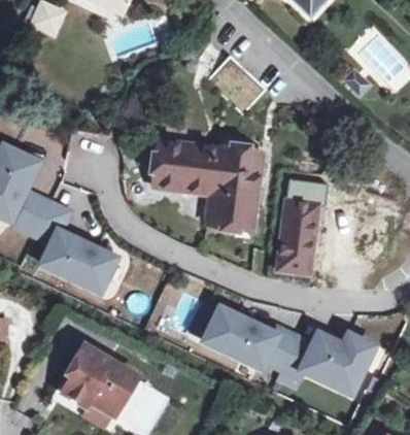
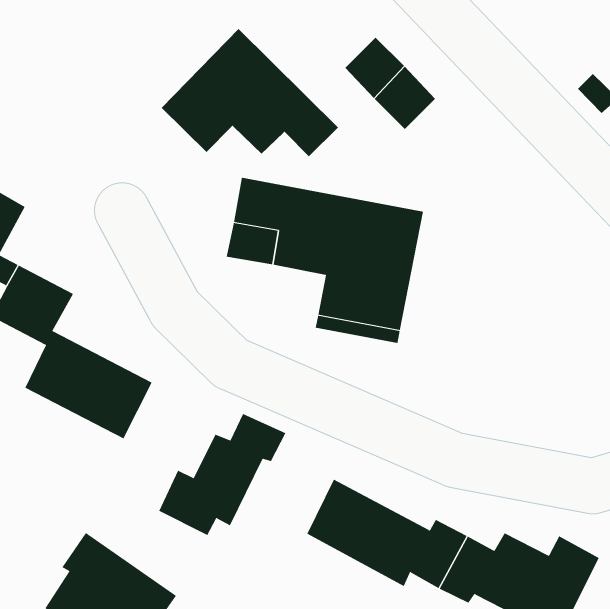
building: none -> [161,28,339,157]
building: [277,178,330,272] -> none
building: none -> [158,413,286,536]

